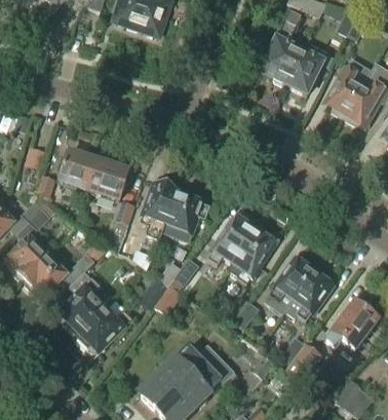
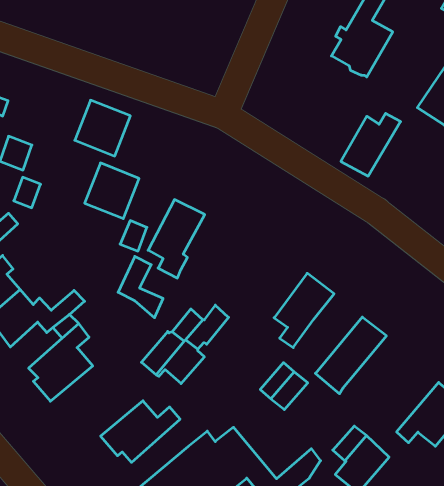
building: [286,46,327,92] -> [341,113,401,176]
building: [60,150,99,189] -> [75,100,130,156]
building: [162,191,208,242] -> none
building: [207,216,254,263] -> none
building: [285,269,333,319] -> none
building: [75,306,131,351] -> [101,401,180,462]

